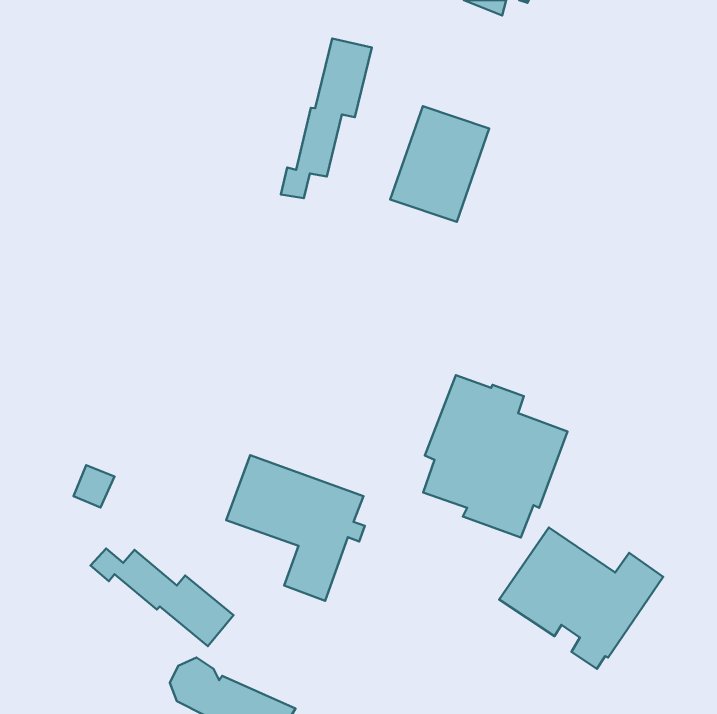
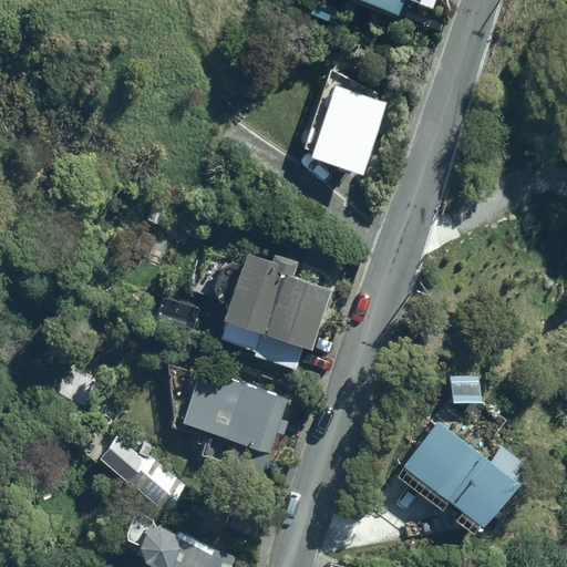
building: [281,39,372,198] -> none
building: [423,375,568,538] -> [221,246,334,373]

